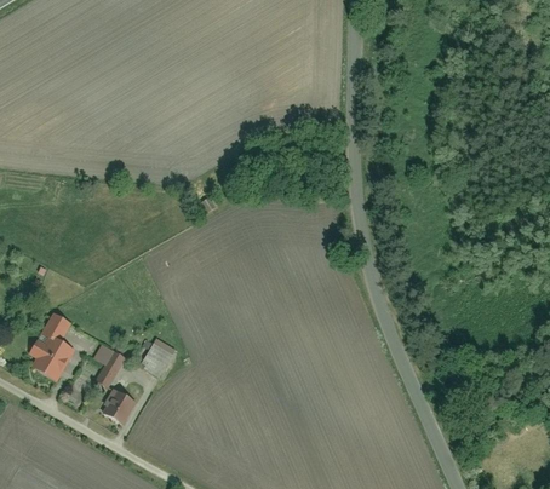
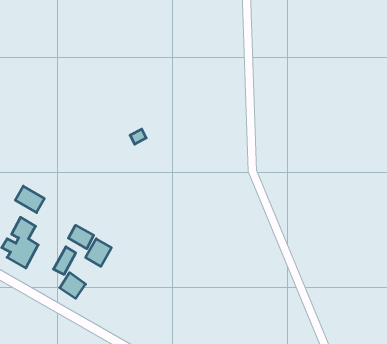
building: none -> [15,186,44,213]
building: none -> [68,225,94,249]

